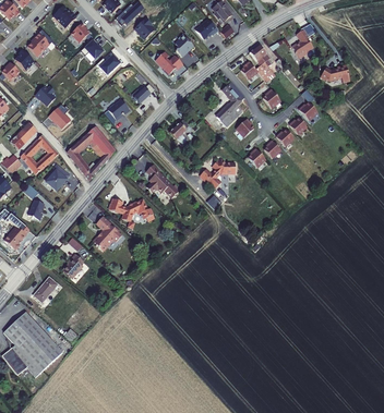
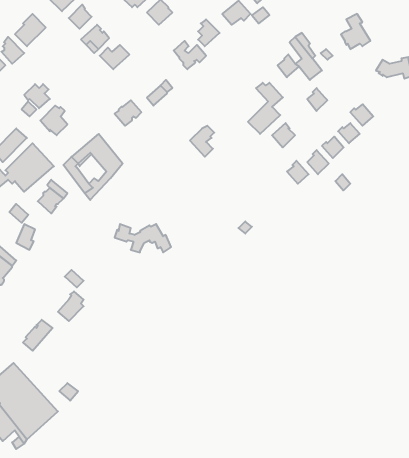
building: [200,160,237,189] -> none
building: [146,165,178,197] -> none
building: [93,216,121,252] -> none

